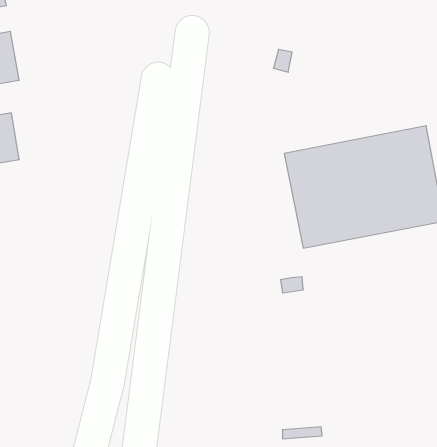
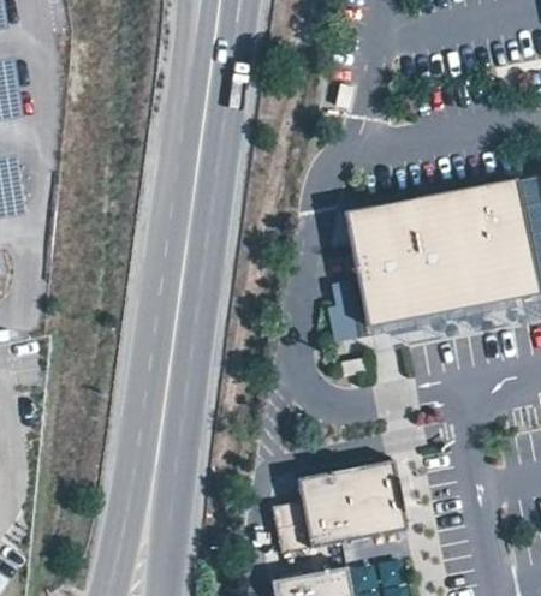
building: none -> [275,459,405,550]

